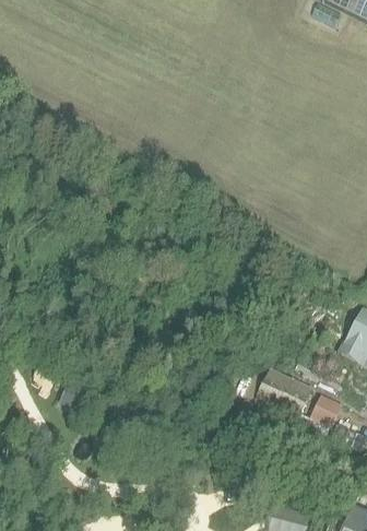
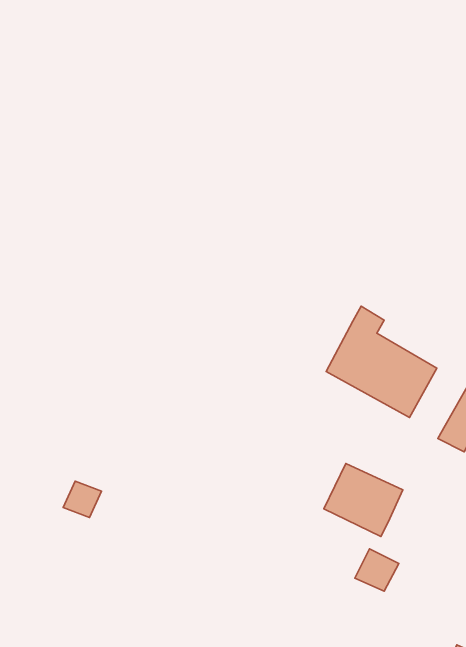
building: none -> [326,306,437,417]
building: [310,393,343,425] -> [355,549,399,591]

